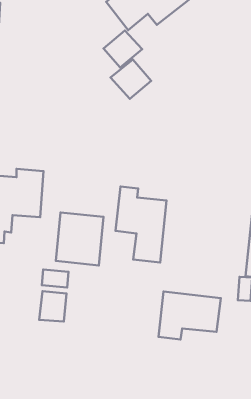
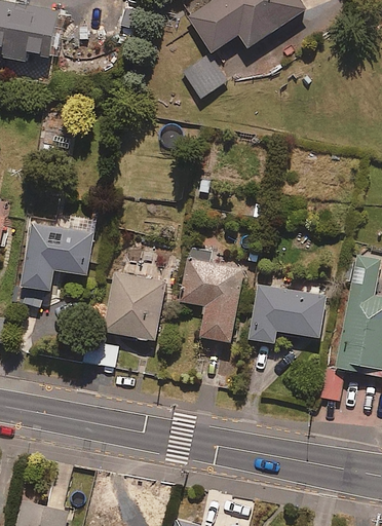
building: [111,59,151,99] -> none
building: [39,291,67,322] -> none
building: [159,291,221,339] -> [247,284,328,344]

